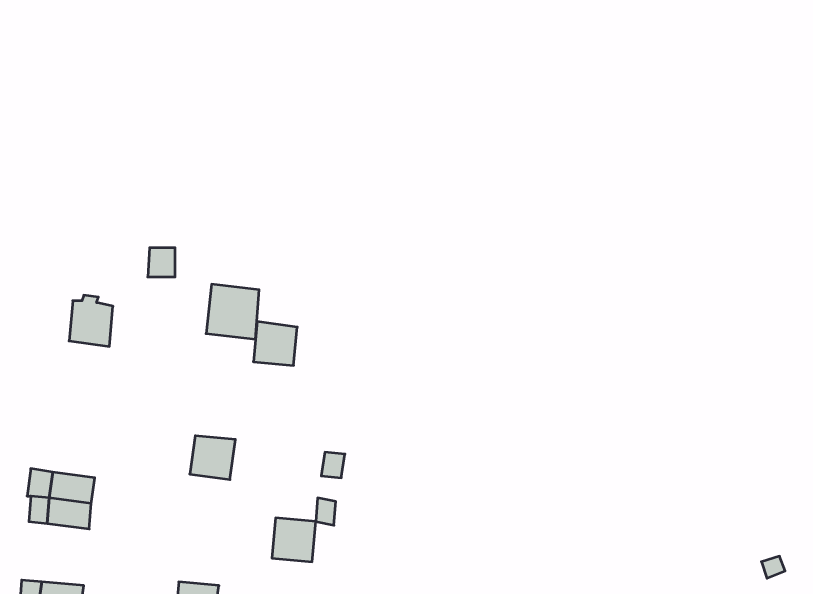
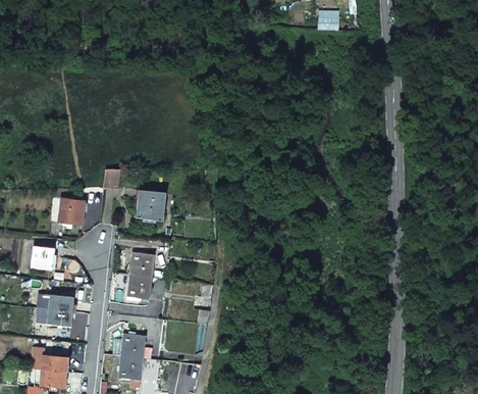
building: [253,322,297,365] -> [129,252,154,277]
building: none -> [31,246,54,269]
building: [272,518,316,562] -> [120,334,145,358]

